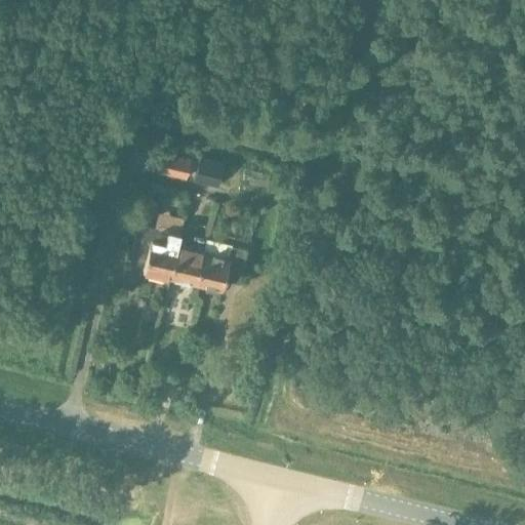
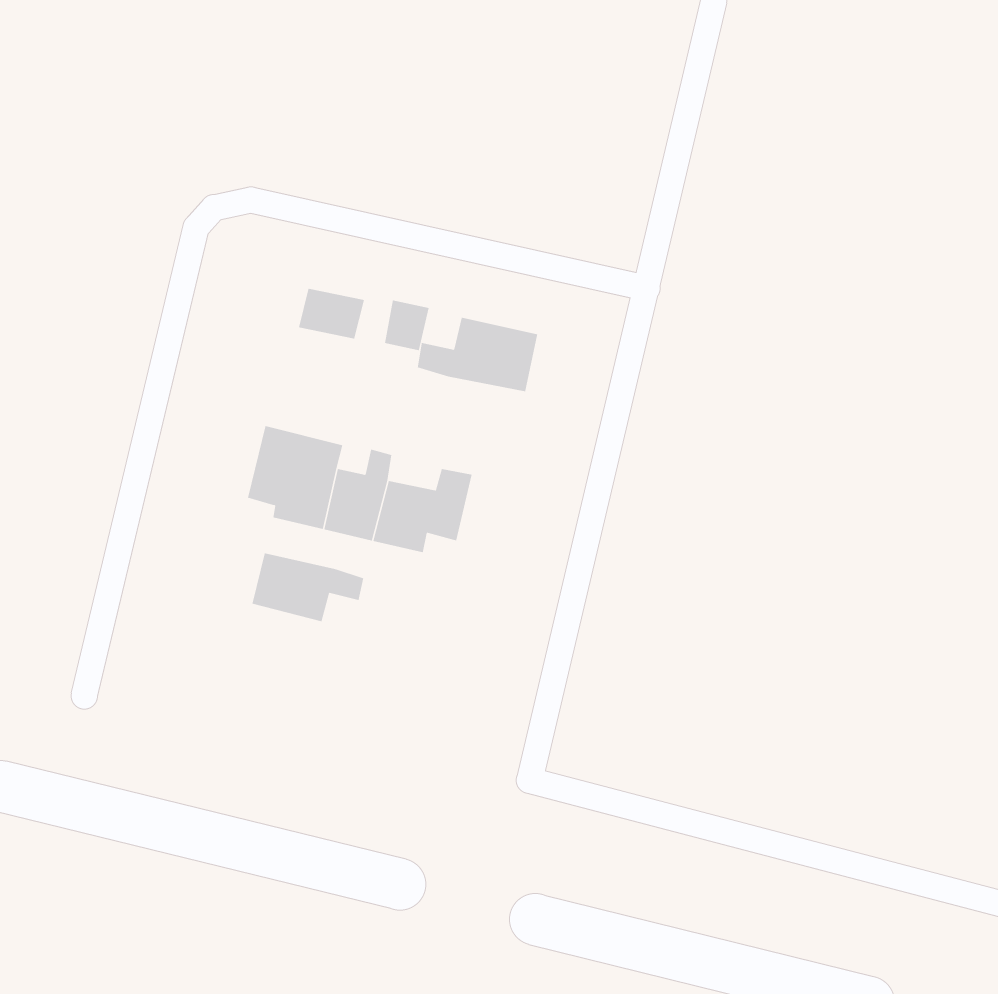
building: none -> [417,317,538,392]
building: none -> [252,553,364,622]

